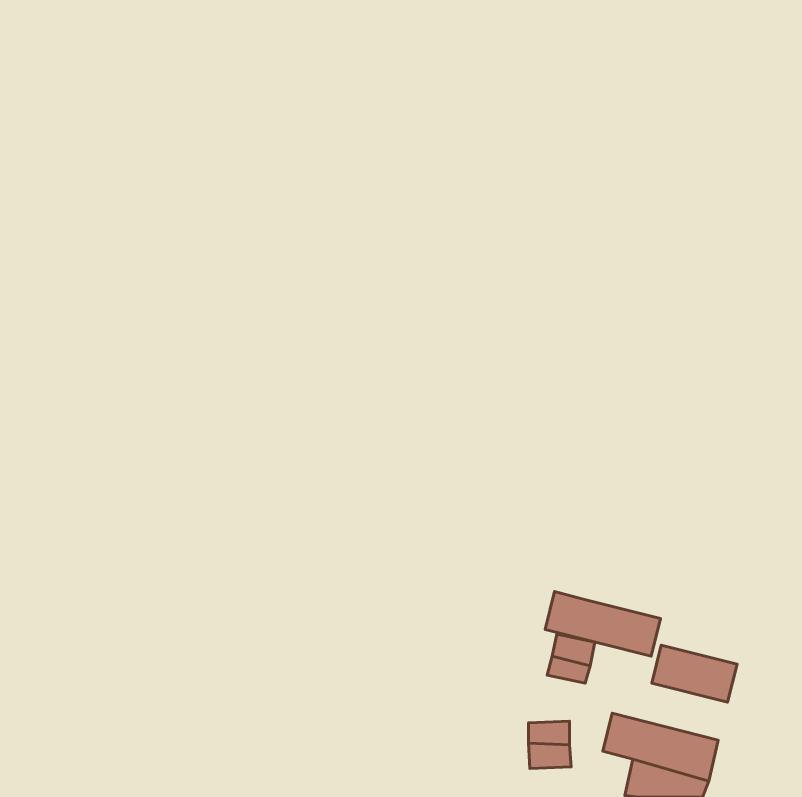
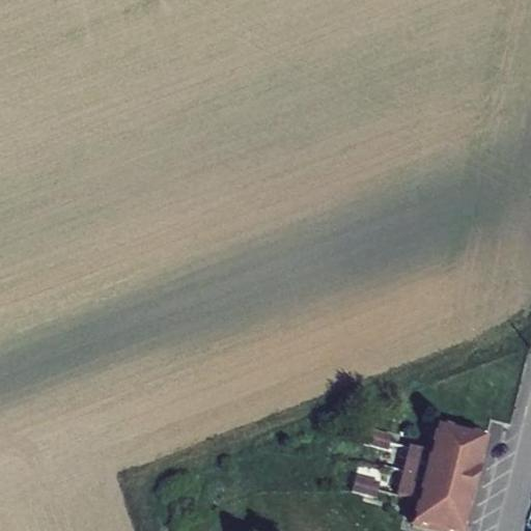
building: [545,591,661,656] -> [406,443,481,485]

